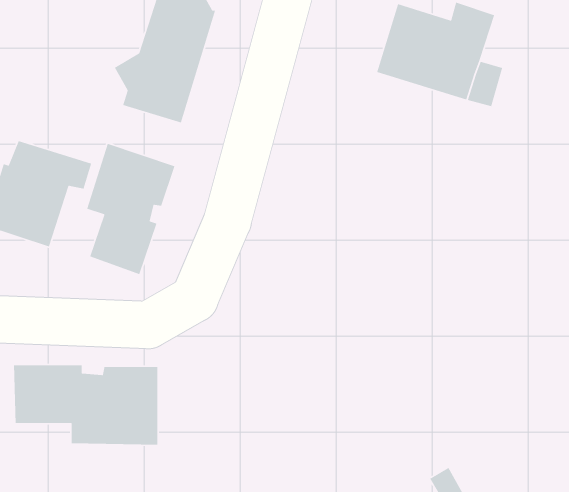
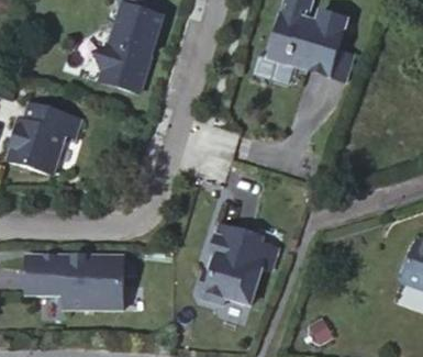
building: [86,143,176,275] -> none
building: none -> [194,225,274,306]

